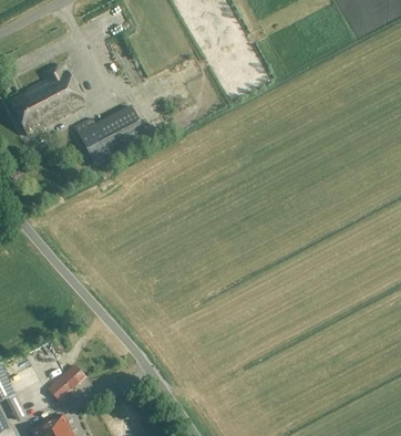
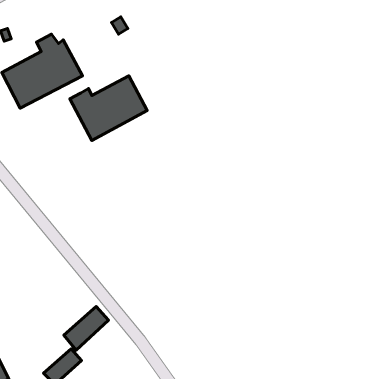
building: none -> [64,306,109,350]

